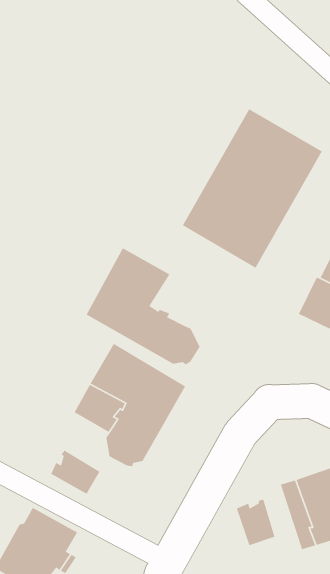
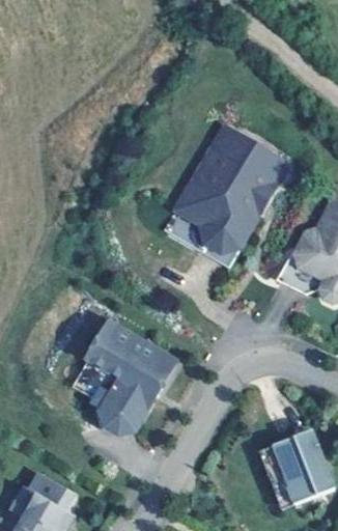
building: [85,247,201,366] -> none
building: [50,449,100,495] -> none
building: [236,499,276,546] -> none

